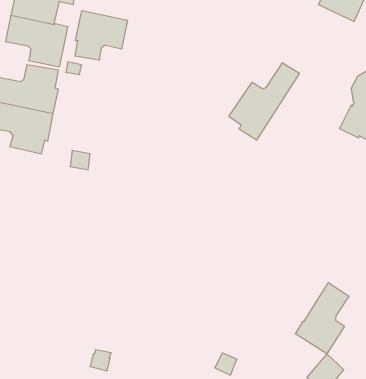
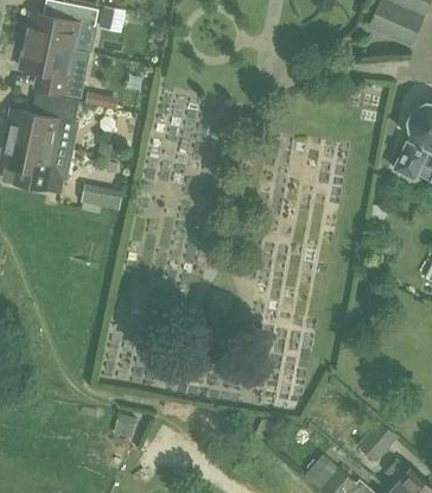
building: [75,11,128,60] -> none
building: [229,63,299,140] -> none
building: [295,283,349,354] -> none

